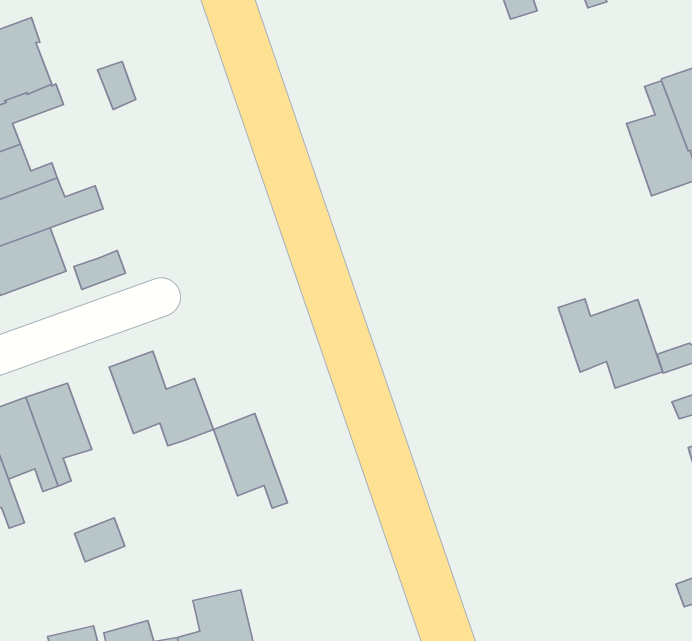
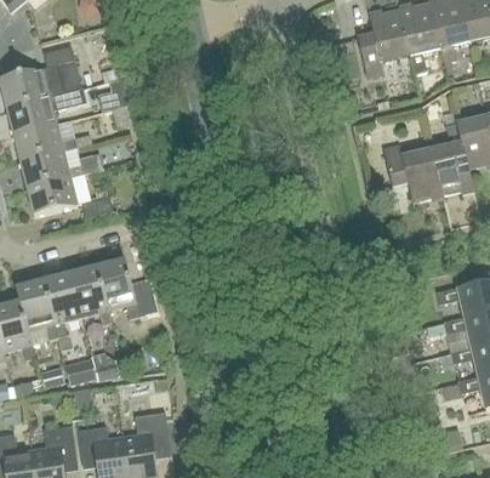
building: [558,299,663,388] -> [382,143,443,200]
building: [213,414,287,508] -> [70,266,112,325]

